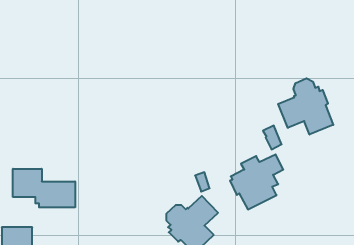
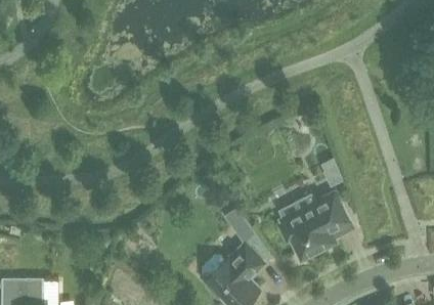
building: [278,78,333,135] -> none
building: [13,169,75,207] -> none

